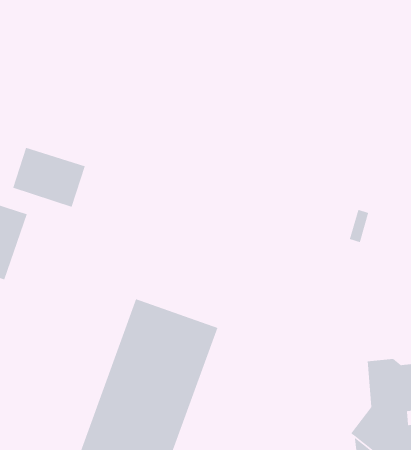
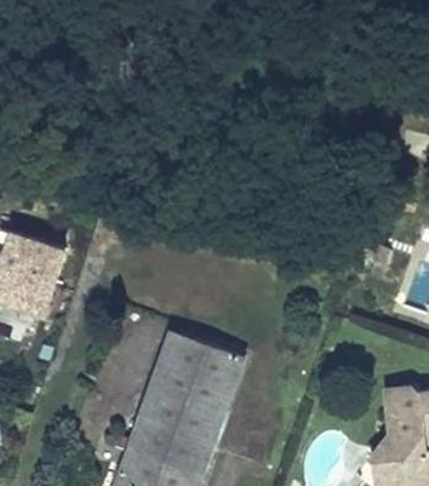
building: [12,147,86,208] -> none

